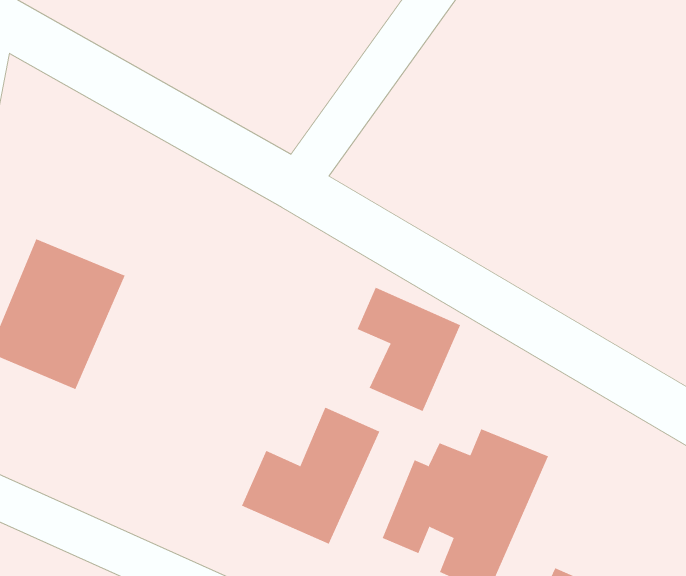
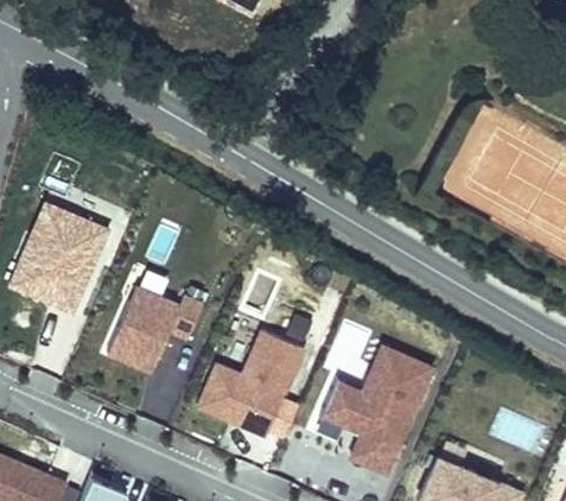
building: [357,287,461,412] -> none
building: none -> [108,287,203,373]

